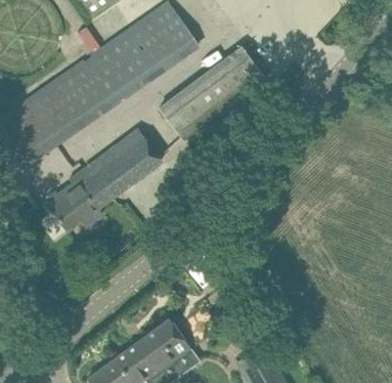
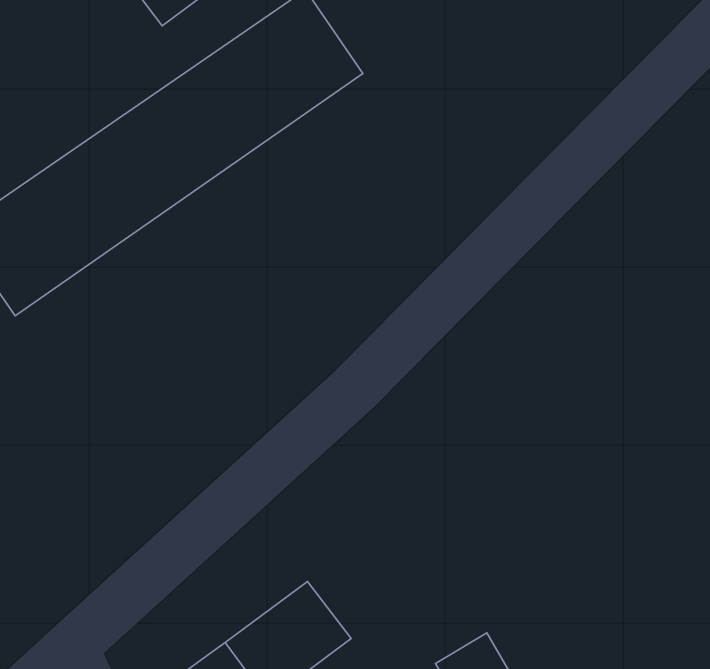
building: [160,46,266,140] -> none
building: [46,129,162,231] -> none

